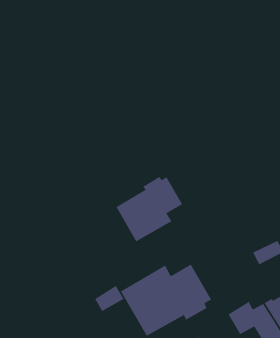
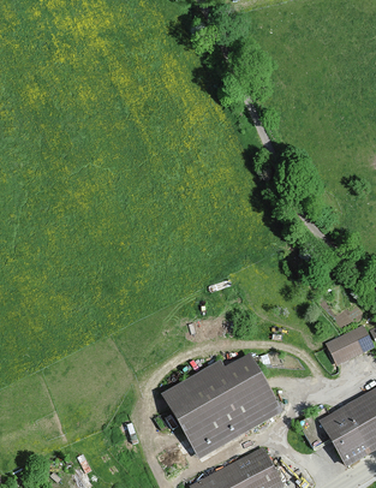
building: [115,176,183,243] -> none
building: [94,285,125,312] -> none

